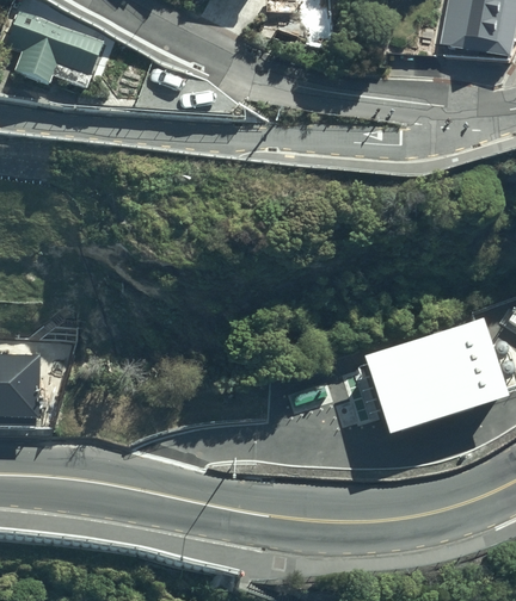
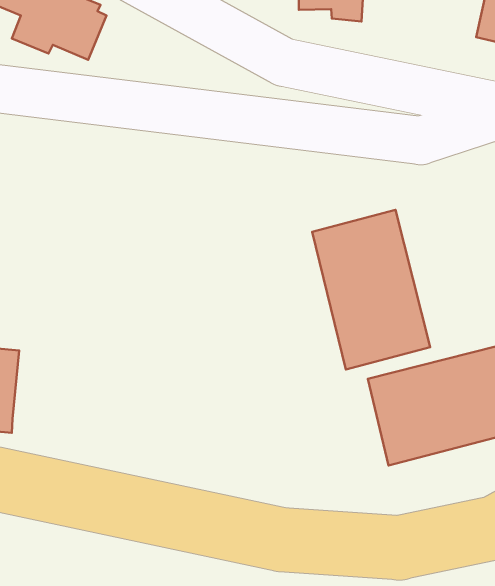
building: none -> [312,210,430,370]

